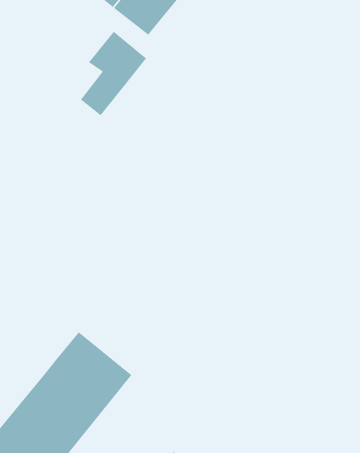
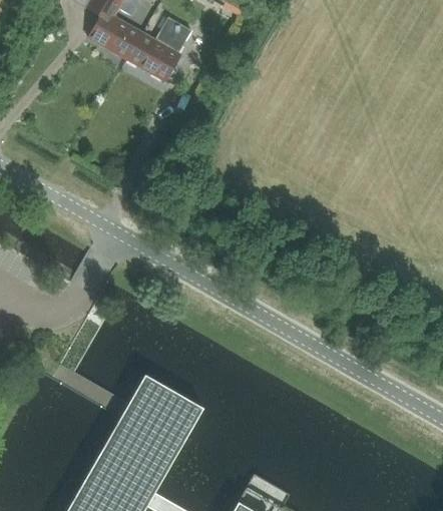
building: [80,31,147,116] -> none

